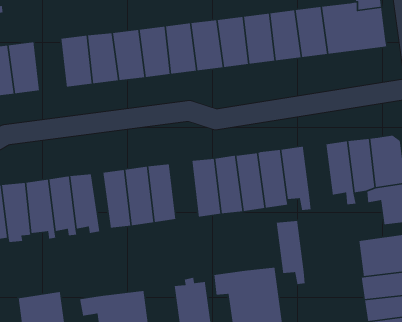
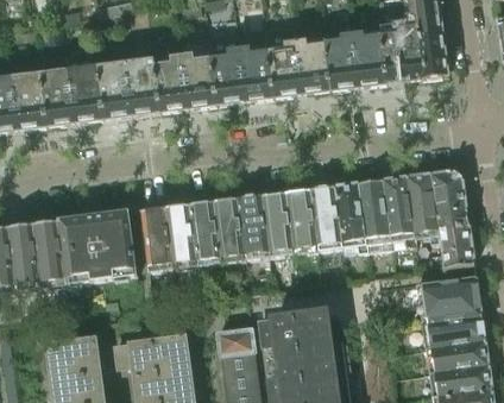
building: none -> [67,64,101,121]
building: none -> [213,196,244,260]
building: [276,220,306,285] -> [358,178,390,248]

